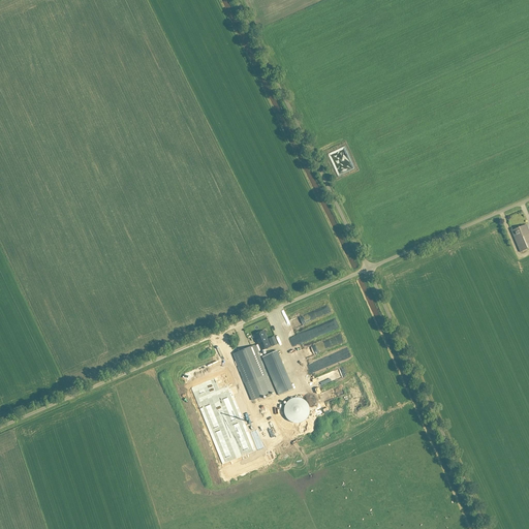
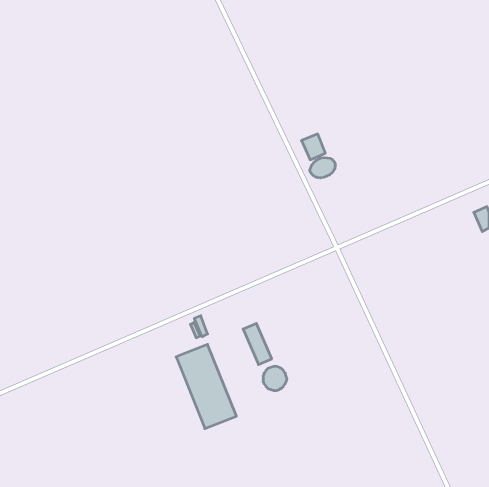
building: none -> [310,158,335,178]
building: [234,329,274,399] -> none

